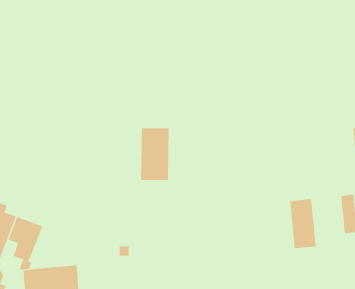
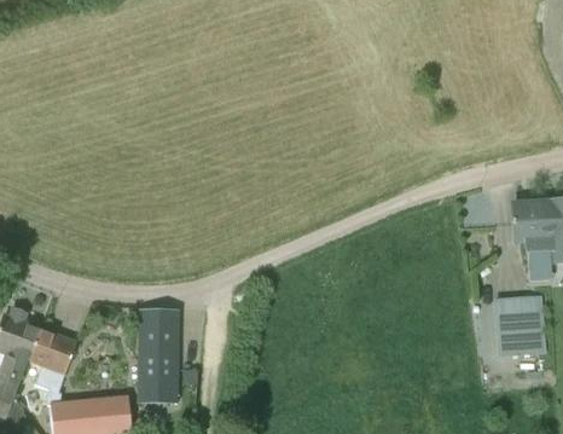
building: [140,128,170,180] -> [138,325,179,399]
building: [290,198,316,249] -> none

